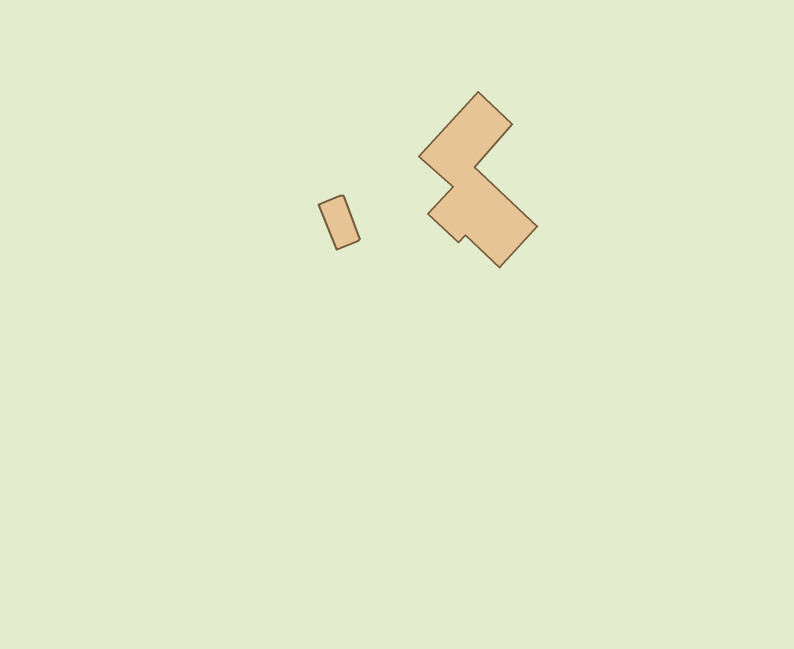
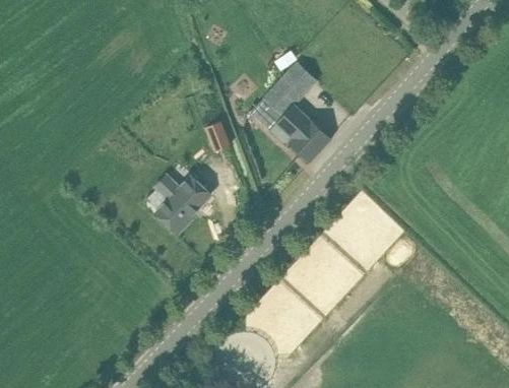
building: none -> [155,175,210,233]

